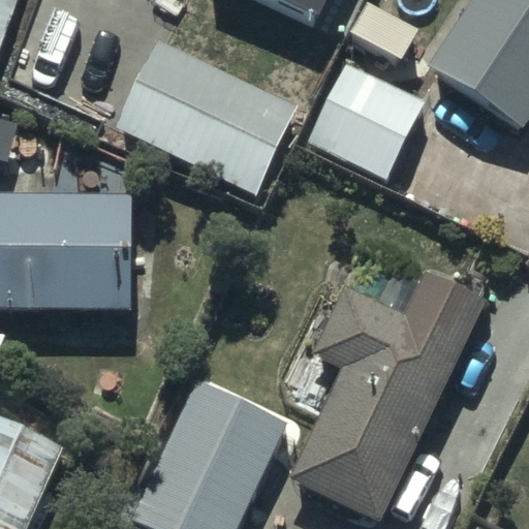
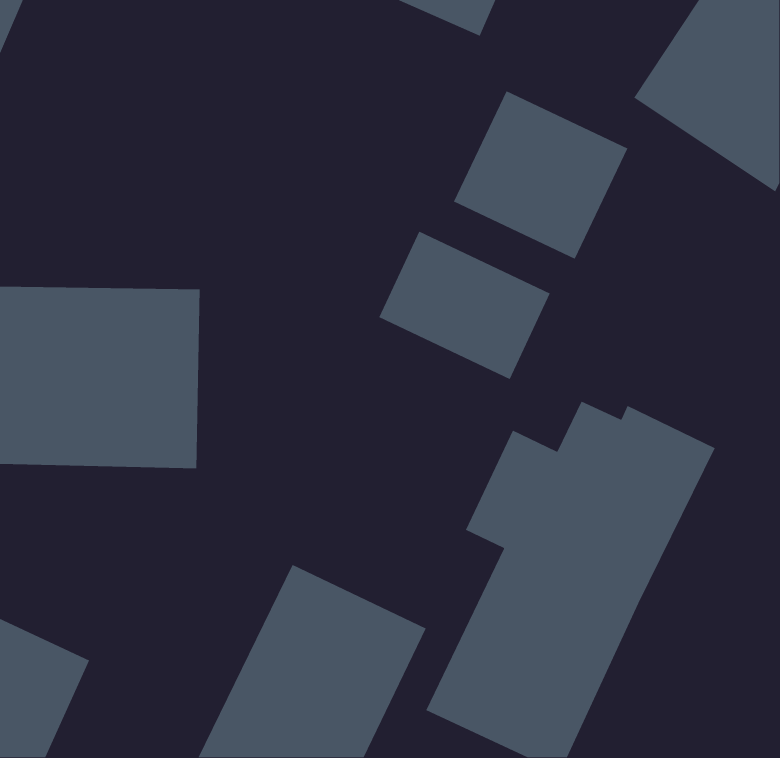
building: [111,36,295,191] -> none
building: none -> [378,231,551,380]

